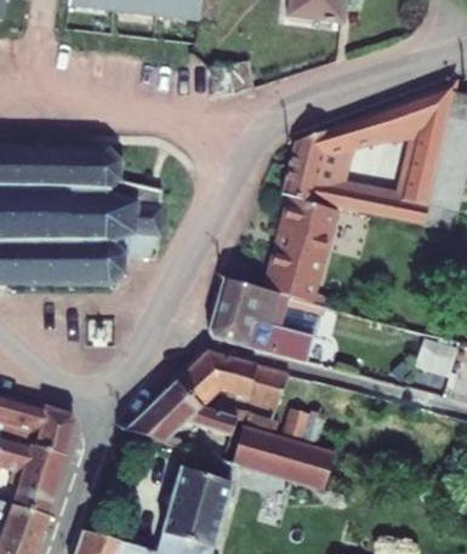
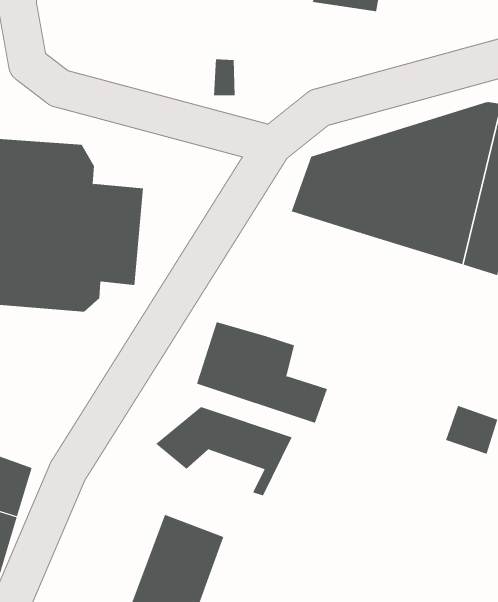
building: [264,192,336,304] -> none
building: [135,385,239,438] -> none
building: [239,424,342,487] -> none

